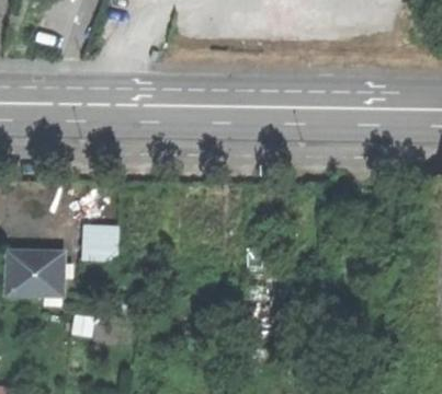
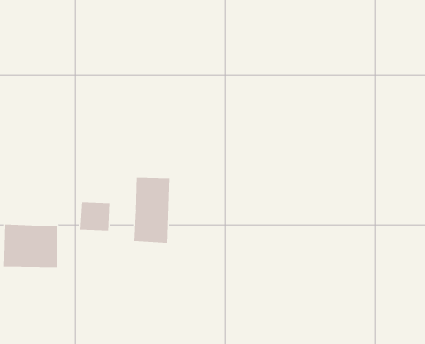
building: none -> [134,177,170,244]

